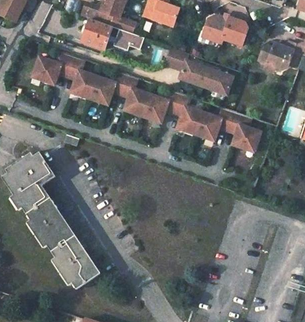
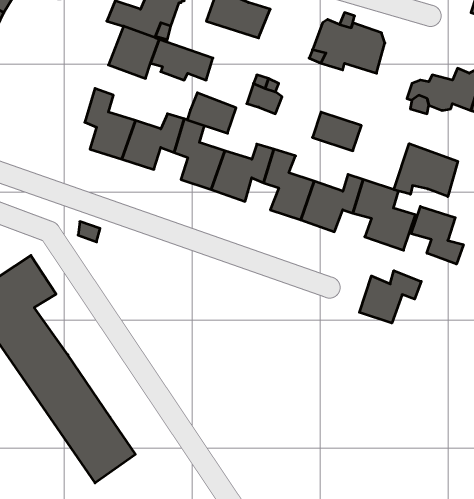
building: [32,49,74,83] -> none
building: [179,60,208,84] -> [187,93,236,133]
building: none -> [394,144,458,197]
building: none -> [411,206,463,264]
building: none -> [359,271,421,323]

